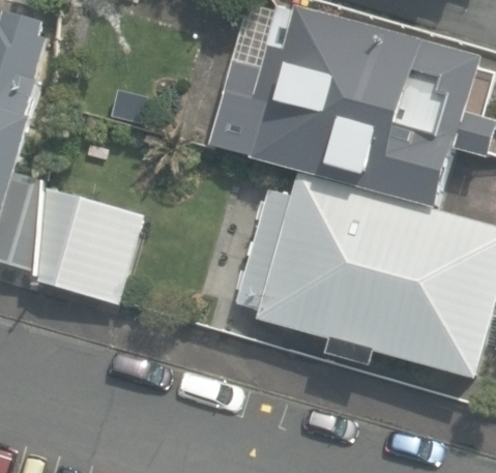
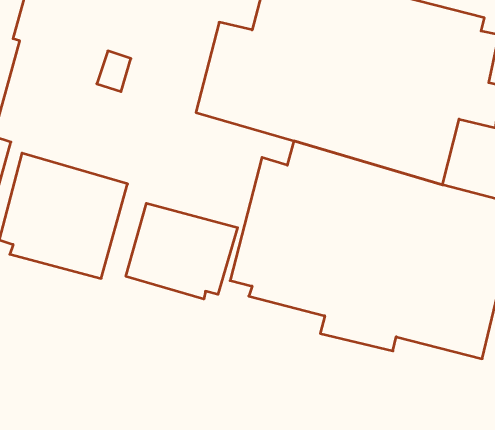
building: none -> [126,203,238,299]

